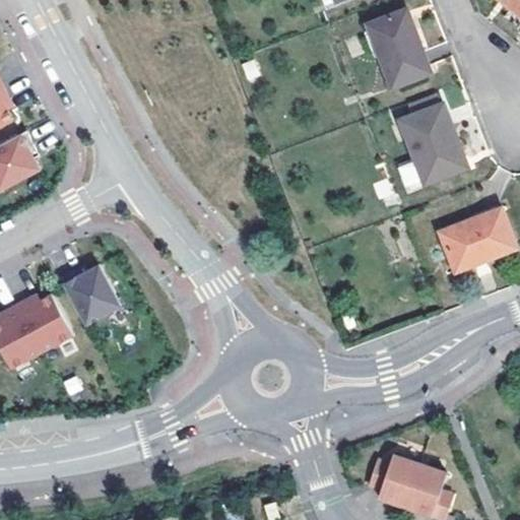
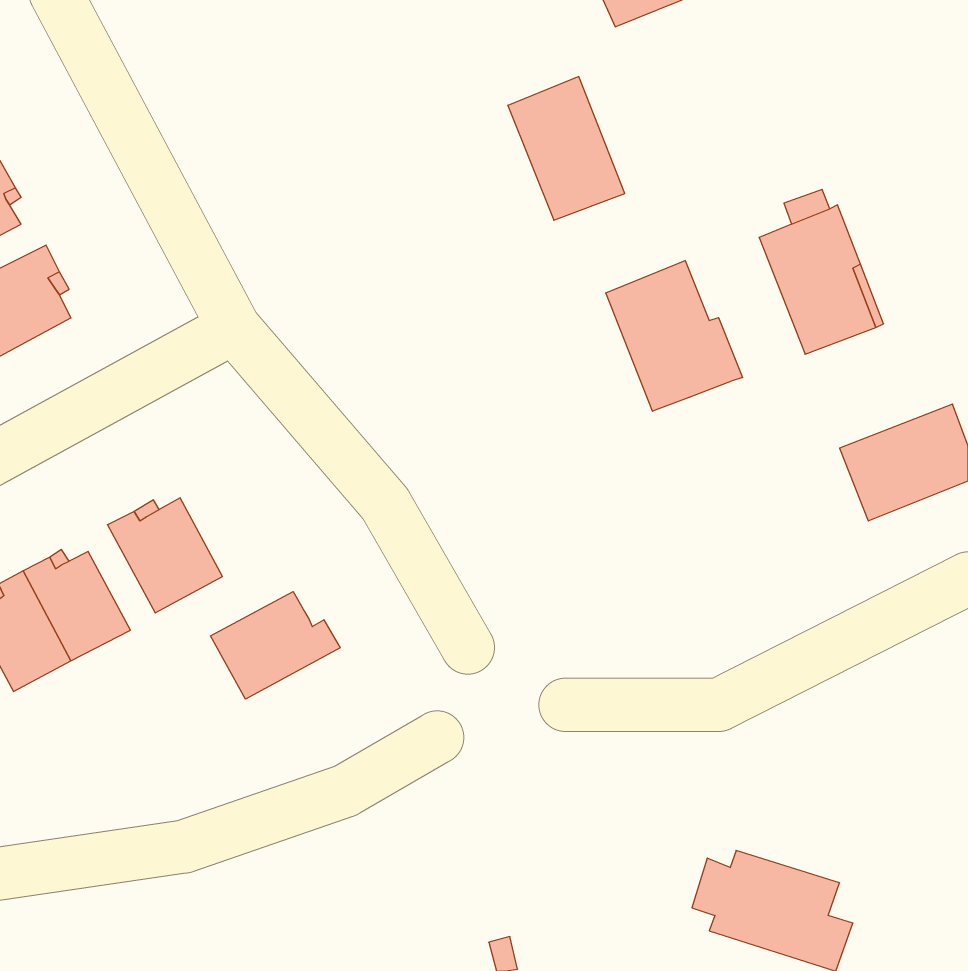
building: [369,15,431,91] -> [508,77,625,220]
building: none -> [606,261,743,411]
building: none -> [210,592,340,699]

